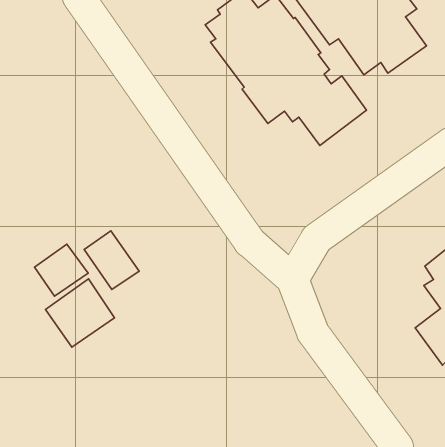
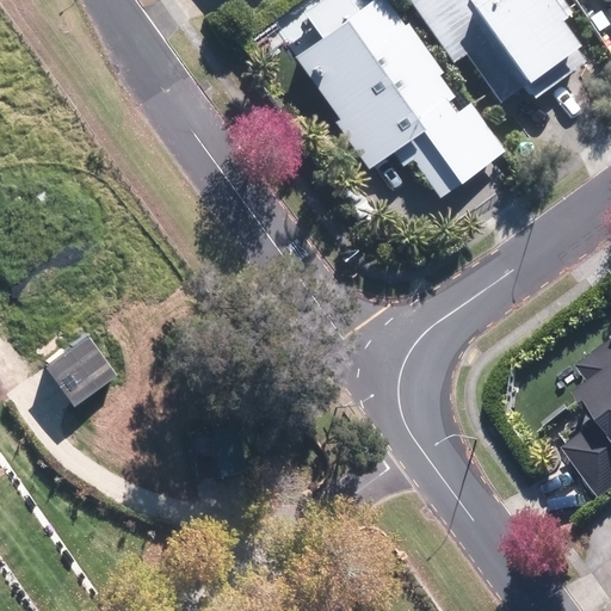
building: [84,231,139,289] -> none
building: [46,279,114,347] -> none

